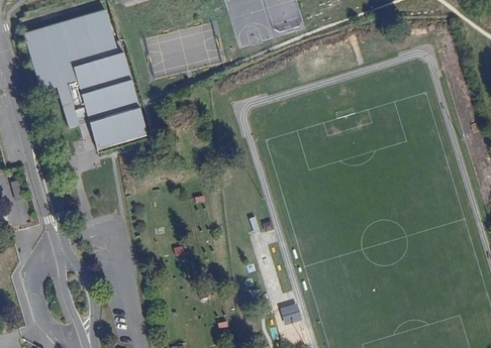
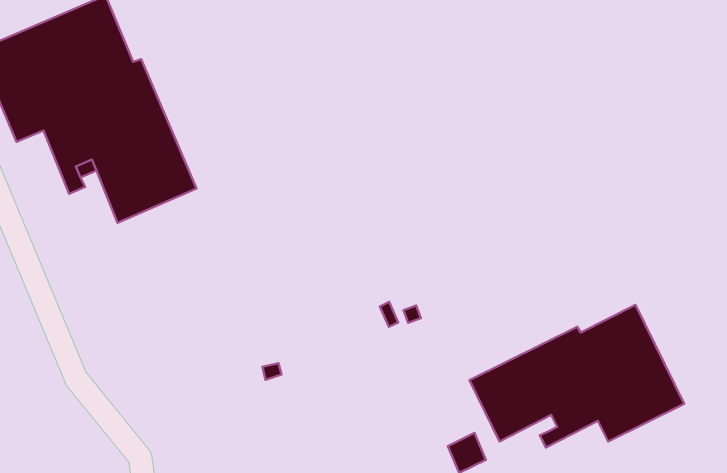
building: none -> [470,305,684,448]

